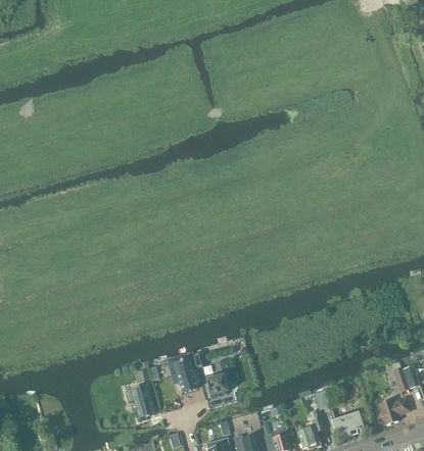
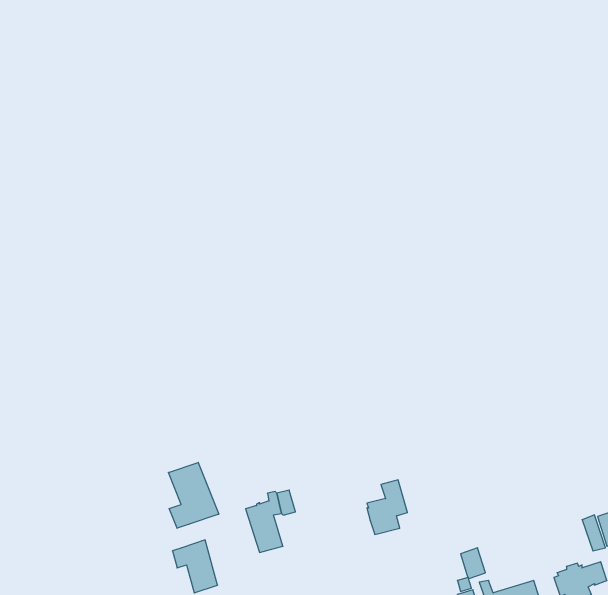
building: none -> [168,462,219,528]
building: [208,362,235,398] -> [367,480,407,534]

